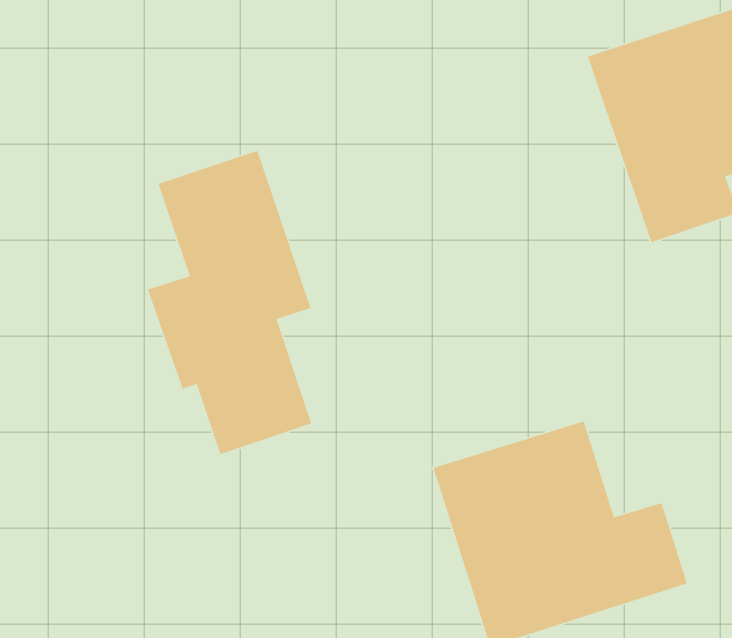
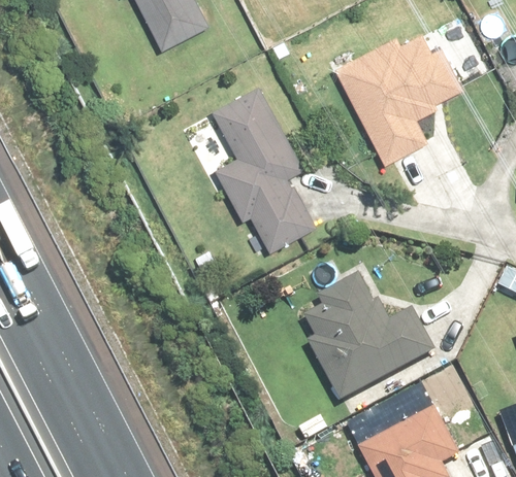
building: [147,150,312,455] -> [208,82,316,252]

